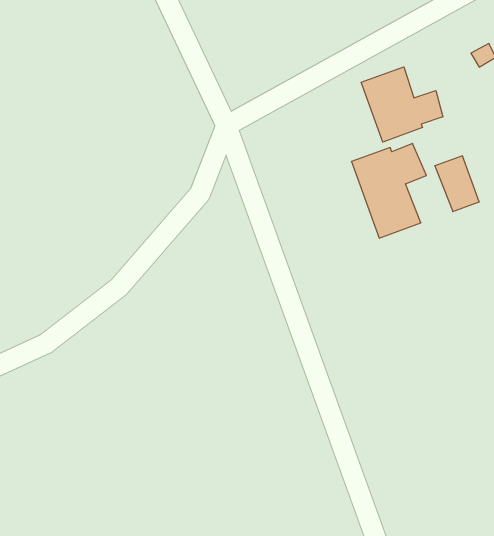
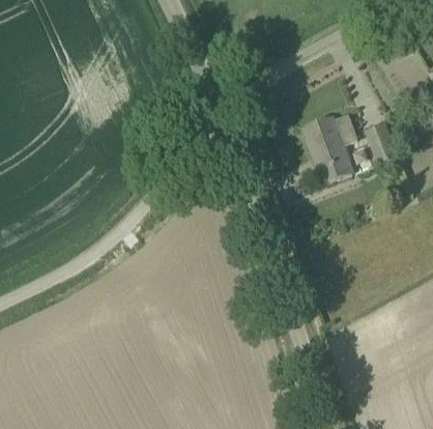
building: [361,67,443,142] -> none

